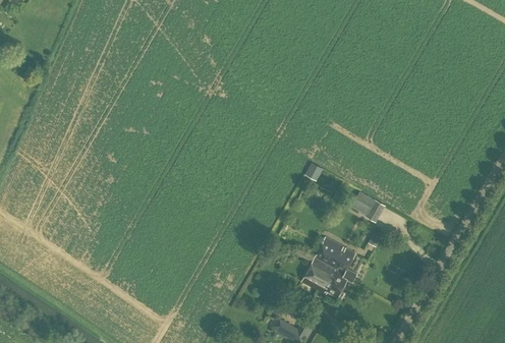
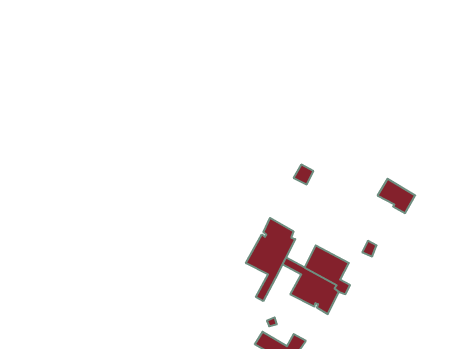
building: [351,192,386,224] -> [378,179,415,213]
building: none -> [246,218,295,301]

